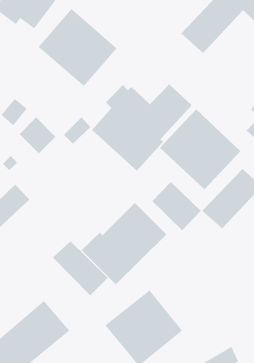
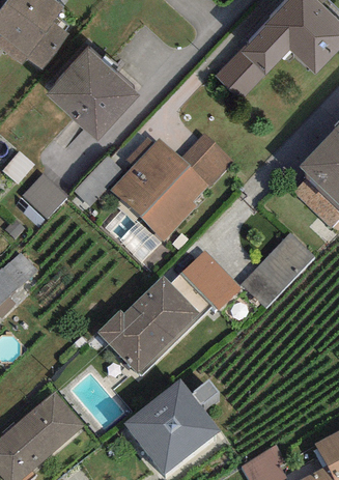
building: [159,109,241,190] -> none
building: [52,240,109,296] -> none

